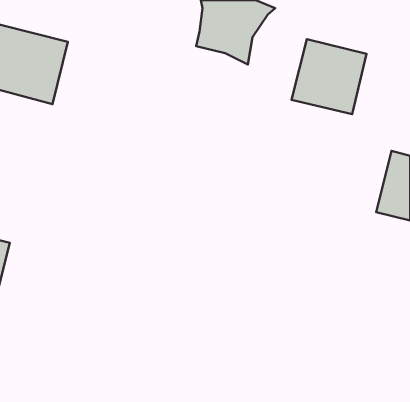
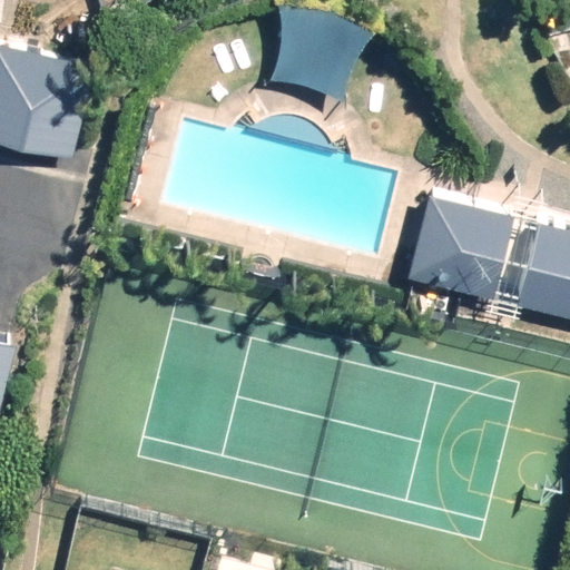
building: [292,39,367,114] -> [409,195,512,298]

